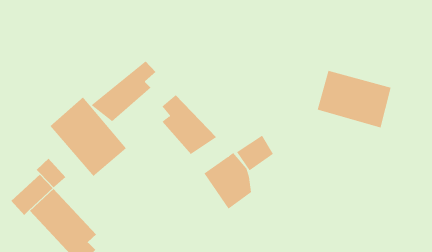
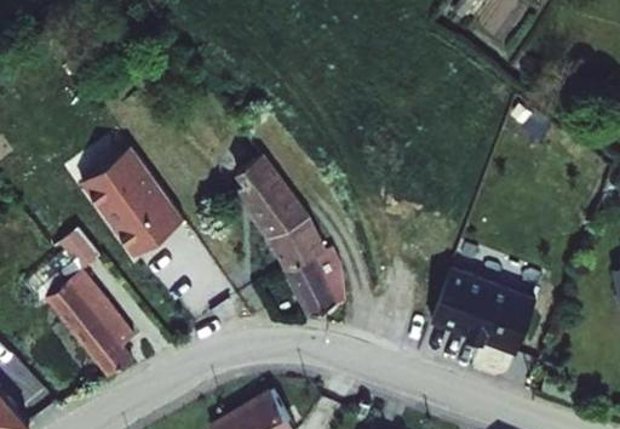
building: [90,60,157,122] -> none
building: [317,70,391,128] -> [432,268,535,351]
building: [236,135,274,171] -> [266,219,317,267]

